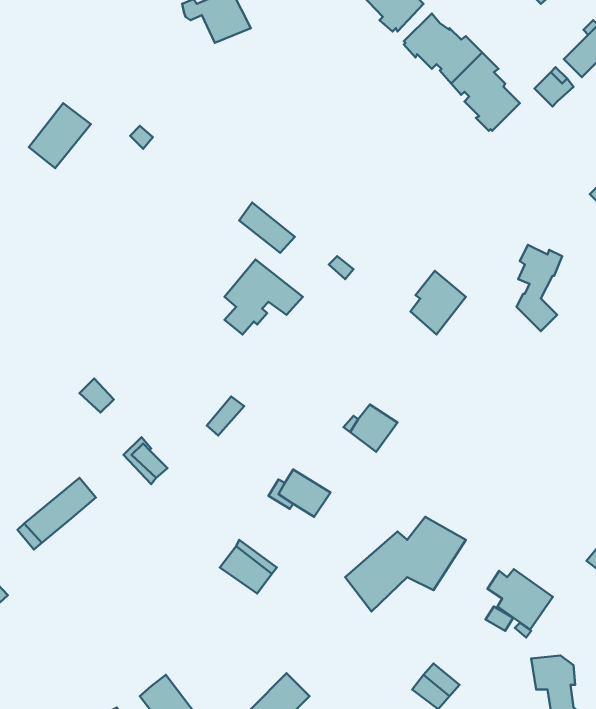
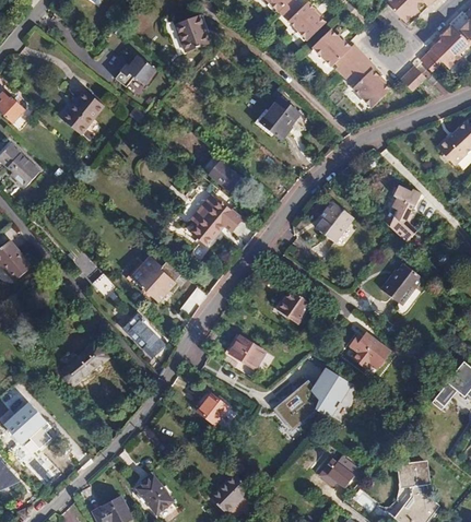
building: none -> [115,55,155,85]
building: none -> [254,92,297,134]
building: none -> [131,257,182,304]
building: none -> [381,260,425,304]
building: [488,569,553,629] -> [351,331,395,371]

